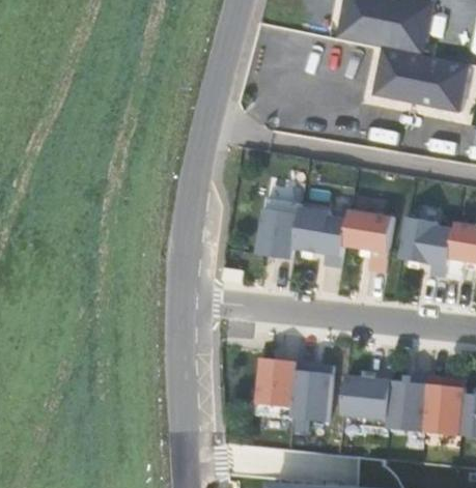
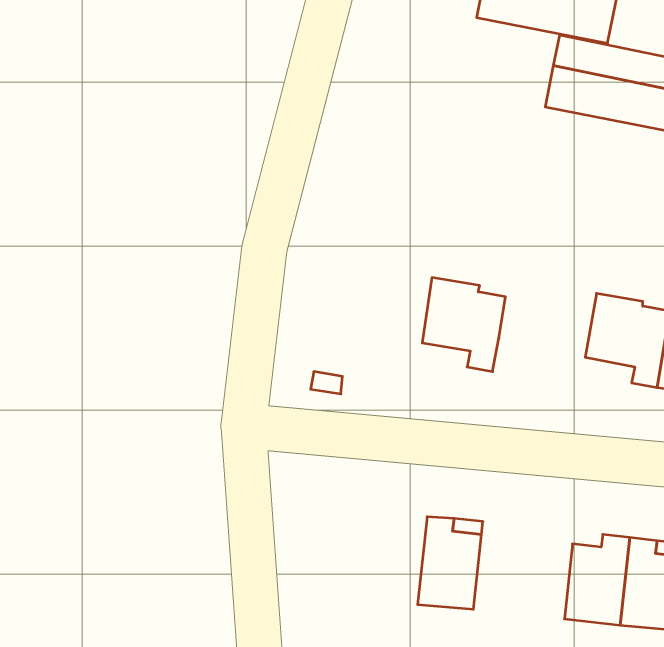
building: [256,197,302,259] -> none
building: [344,209,394,271] -> none
building: [255,357,298,419] -> none
building: [342,375,392,428] -> none

